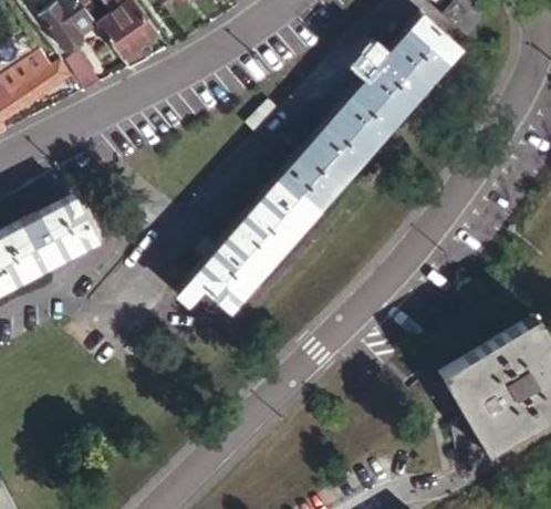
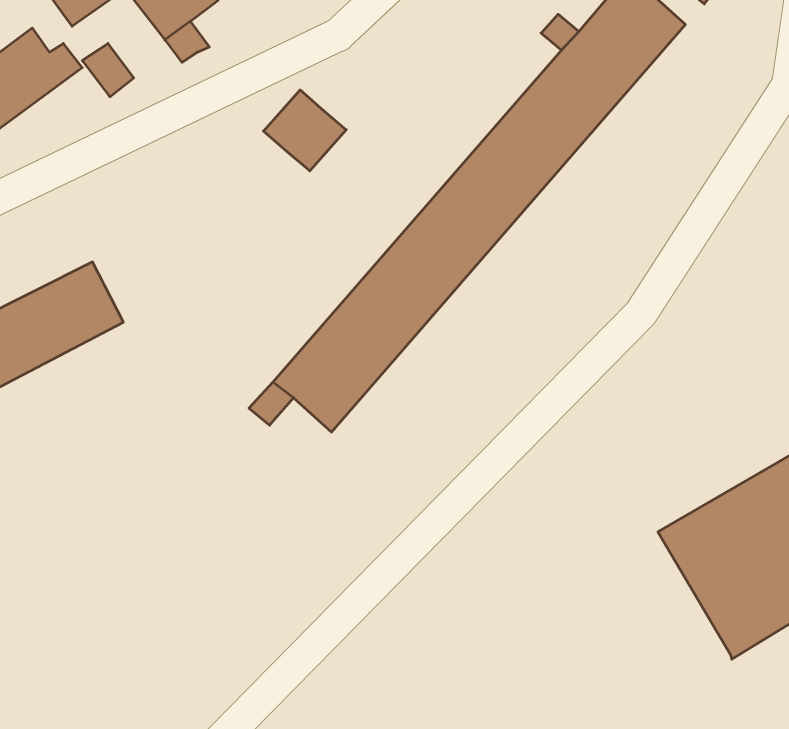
building: none -> [263,90,346,171]

